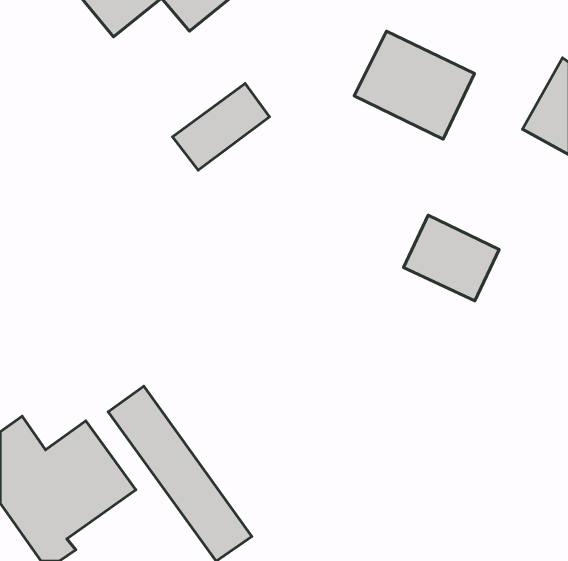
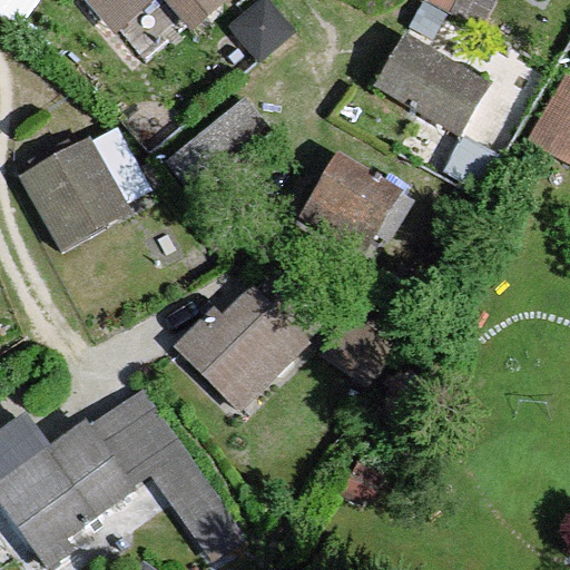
building: none -> [21,139,130,252]
building: [404,215,499,301] -> [308,159,404,245]
building: none -> [175,275,312,411]

